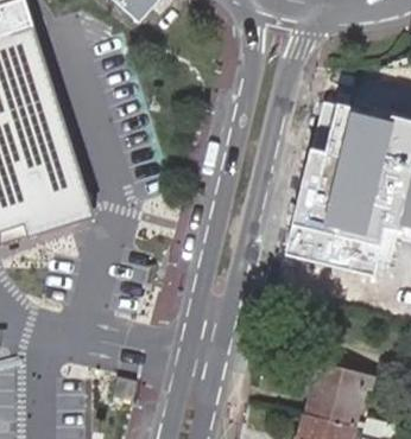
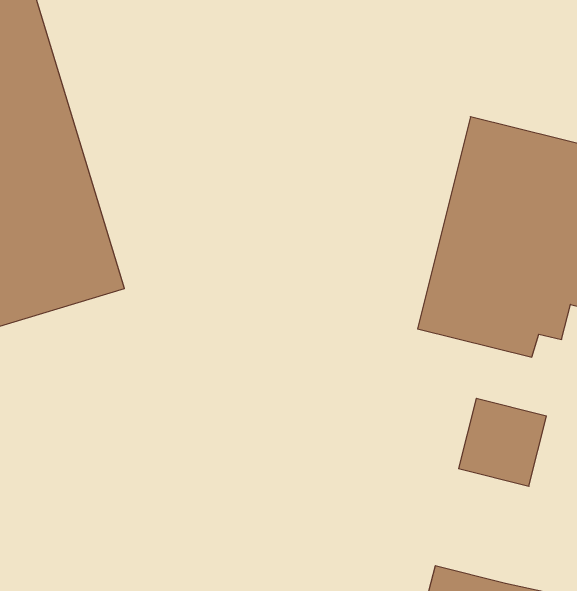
building: [302,360,361,419] -> [459,398,546,486]

